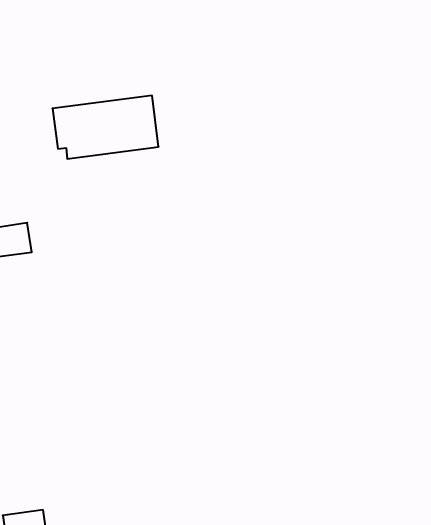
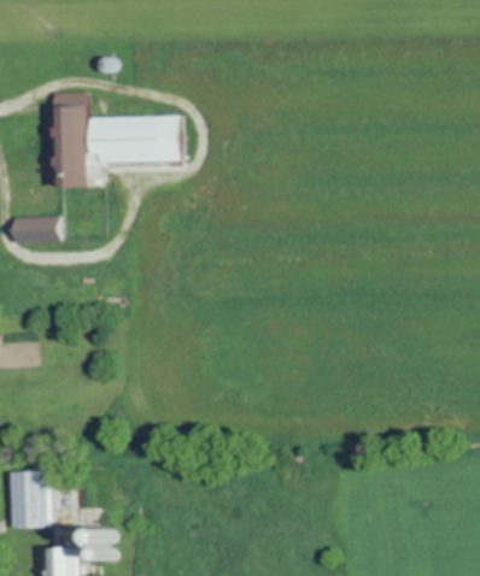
building: none -> [53,93,88,186]

